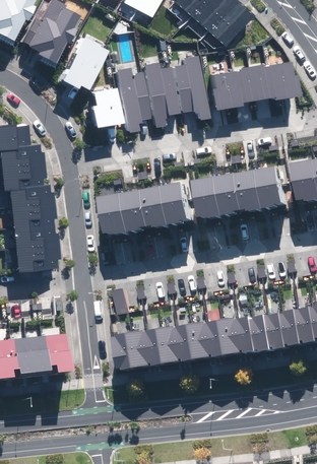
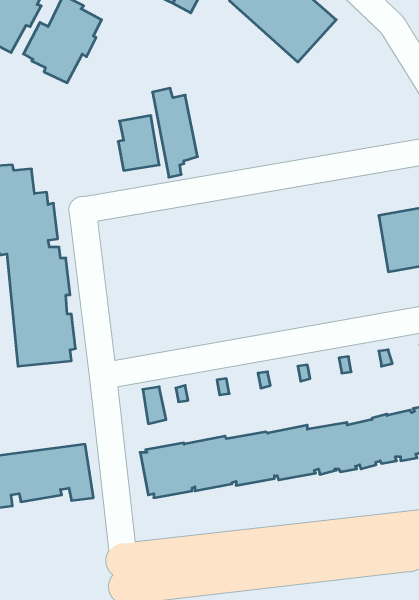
building: [63,38,109,89] -> none
building: [174,55,208,121] -> none
building: [143,62,178,128] -> none
building: [212,62,302,111] -> none
building: [189,168,279,218] -> none
building: [93,182,185,236] -> none

